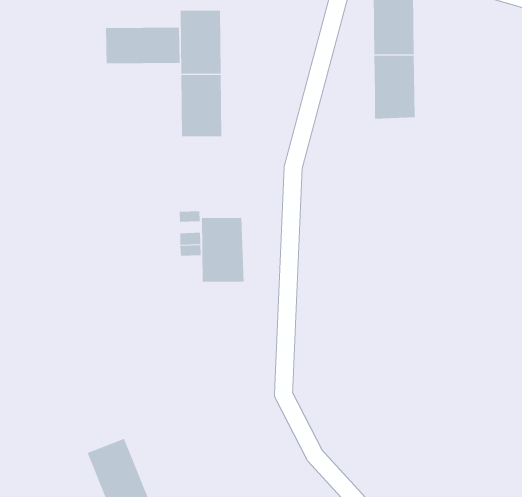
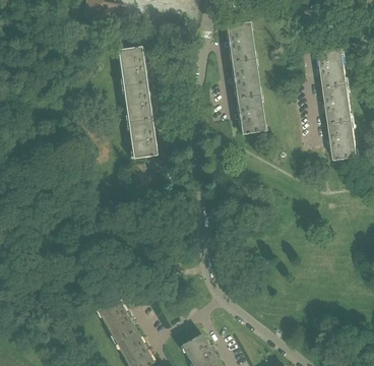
building: [105,27,180,64] -> none
building: none -> [237,94,265,133]
building: [201,218,245,282] -> [128,119,158,159]

